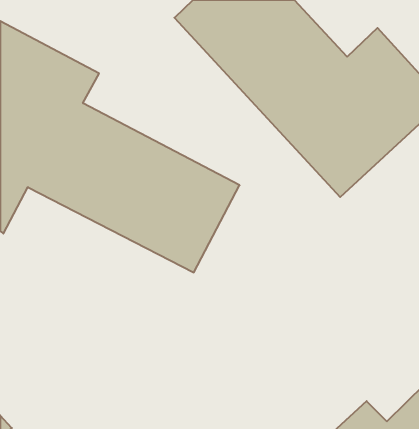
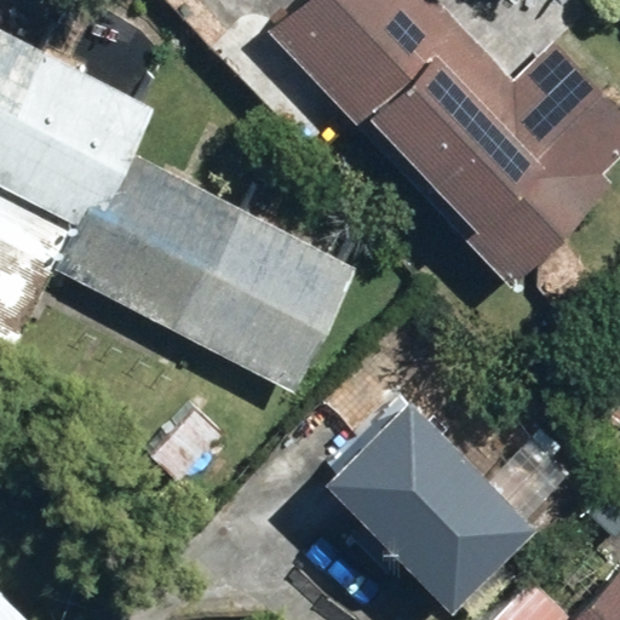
building: none -> [309,391,526,608]

